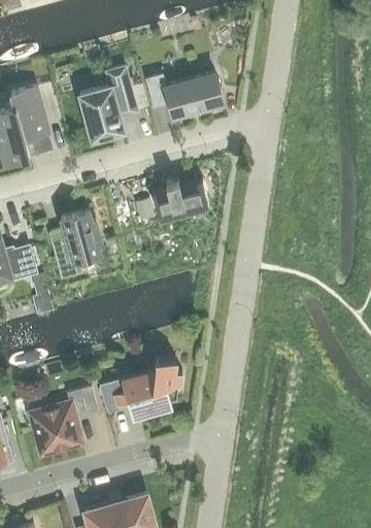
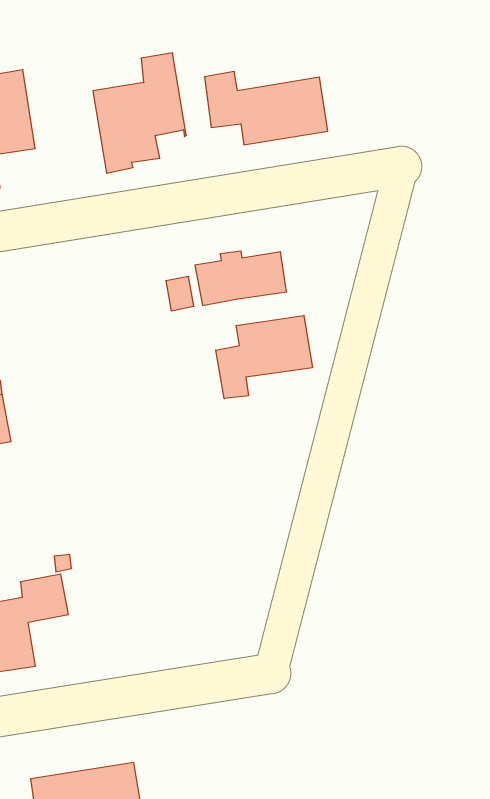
building: [48,210,101,279] -> none
building: none -> [216,315,312,399]
building: [99,358,181,426] -> none

